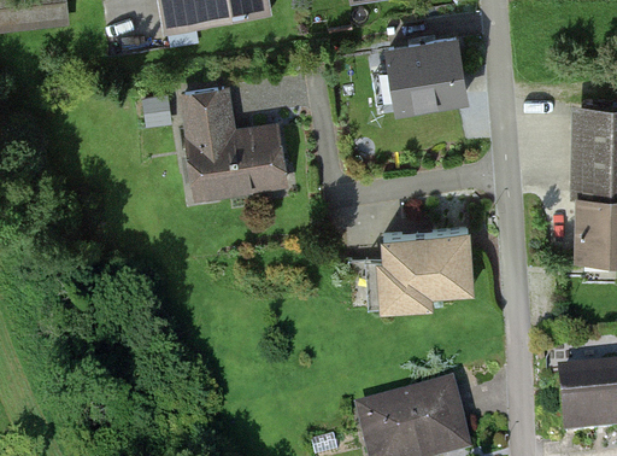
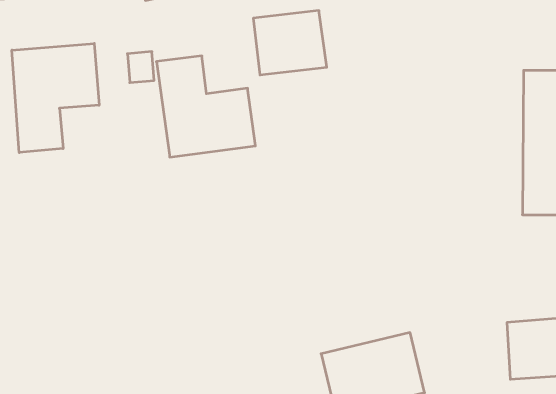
building: [386,39,465,109] -> [253,11,327,75]
building: none -> [12,43,99,153]
building: [375,230,470,309] -> none

